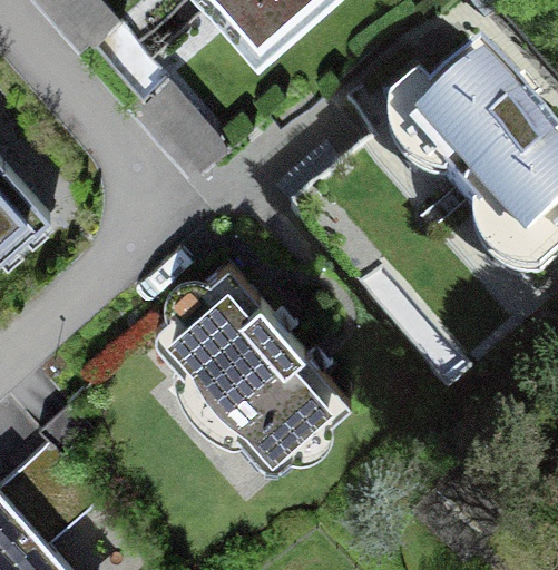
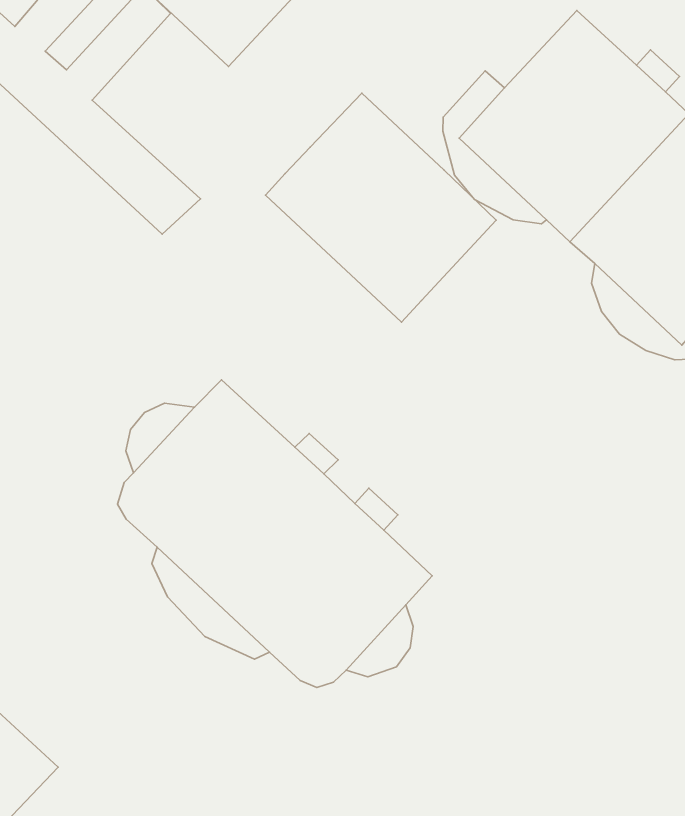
building: none -> [265,93,496,322]

